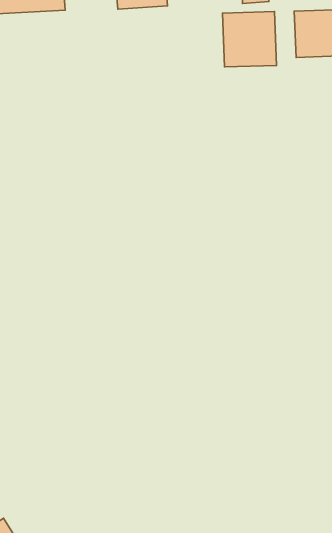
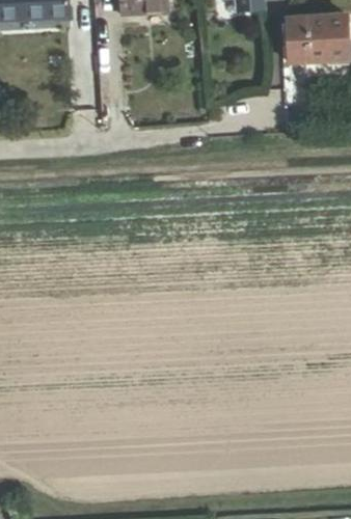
building: [223,12,276,67] -> none

